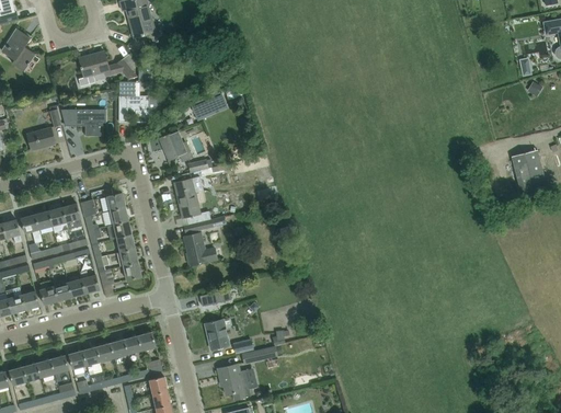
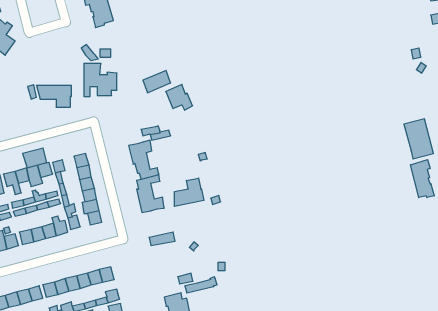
building: [78,51,115,85] -> none
building: [25,127,55,151] -> [23,148,47,168]
building: [159,130,192,162] -> [166,84,193,110]
building: none -> [410,160,434,198]
building: none -> [174,178,204,206]
building: [205,320,228,349] -> none

